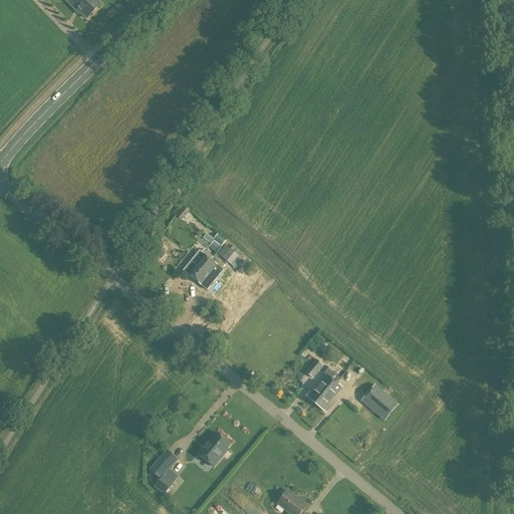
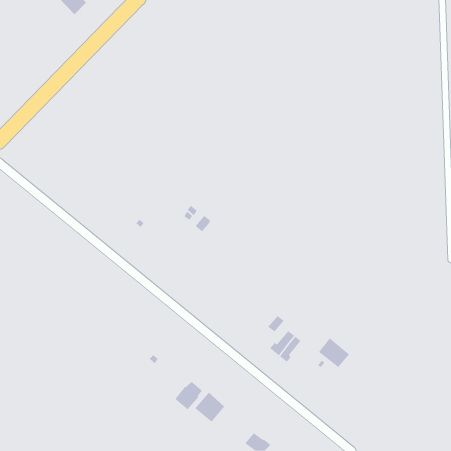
building: [182,250,216,286] -> none
building: none -> [195,392,225,423]
building: [148,448,177,493] -> none

